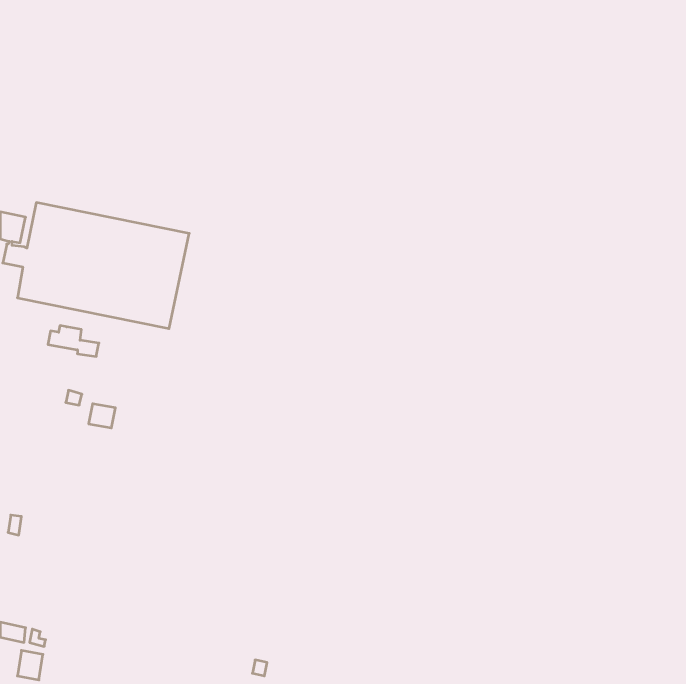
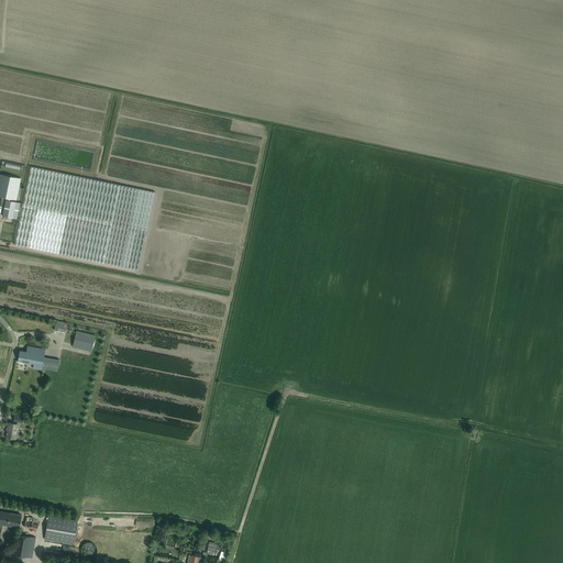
building: [48,326,99,356] -> [18,346,59,372]
building: none -> [44,517,78,545]

